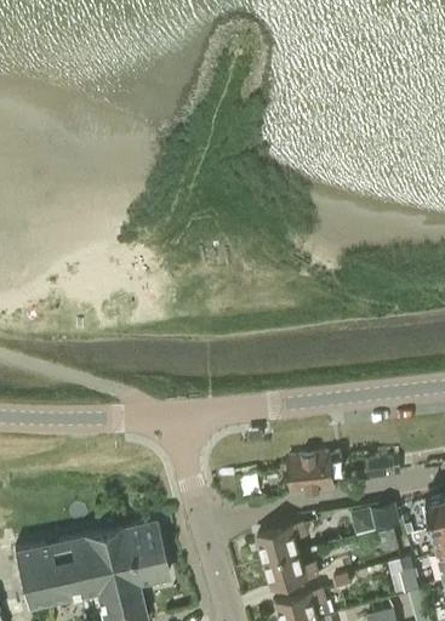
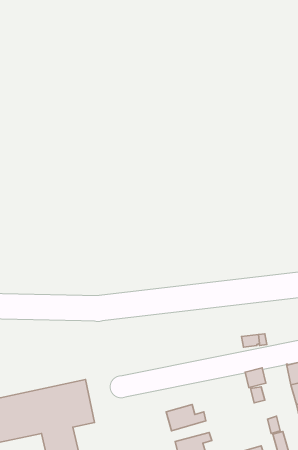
building: [287,452,343,491] -> none
building: [257,525,307,564] -> none

